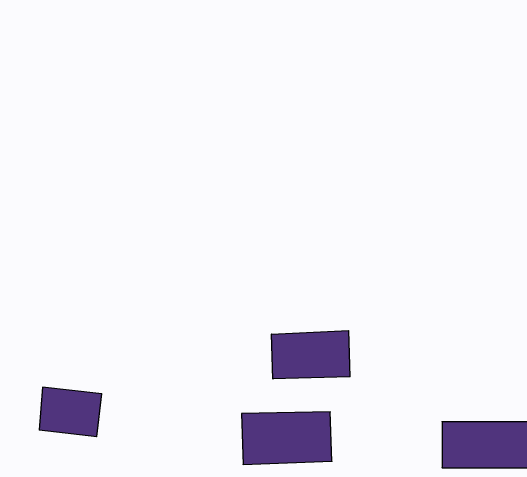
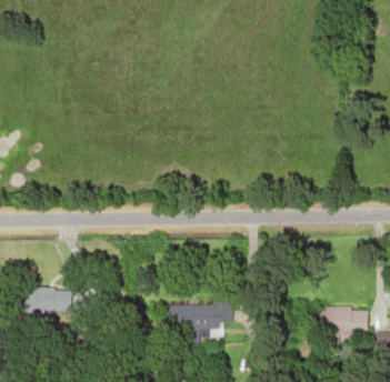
building: [272,331,350,379] -> none

